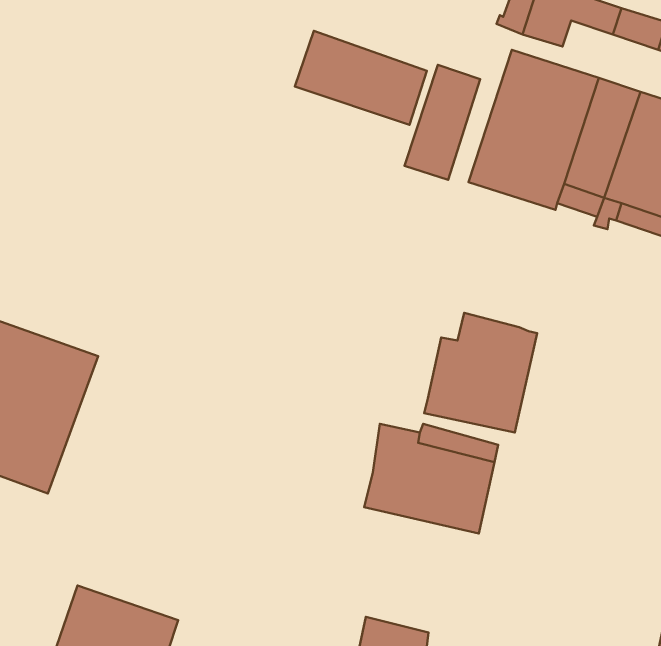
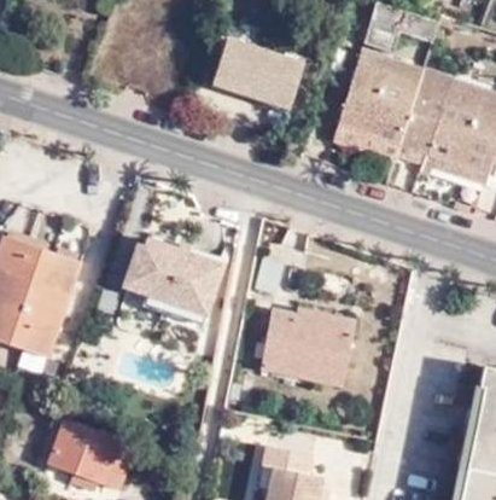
building: [404,65,480,180] -> none
building: [424,313,537,432] -> none
building: none -> [124,238,221,310]

